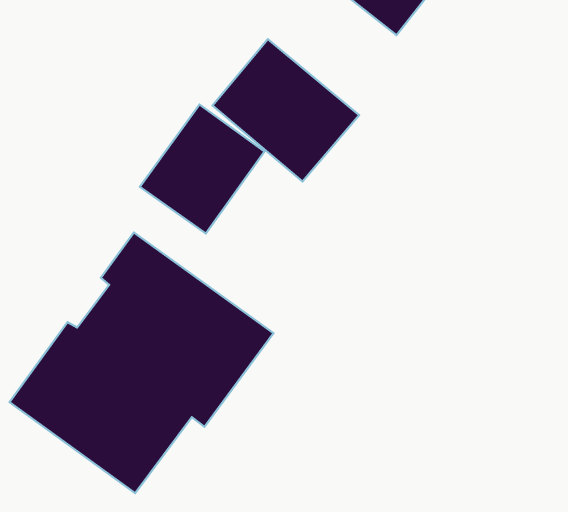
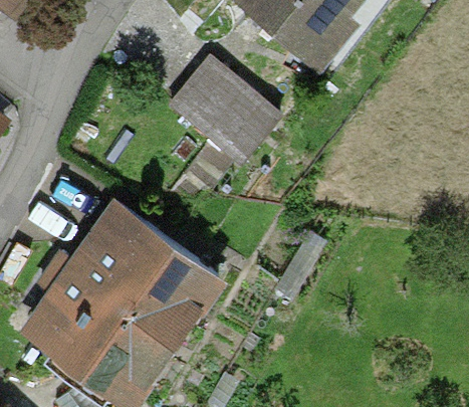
building: [140,105,264,234] -> none

